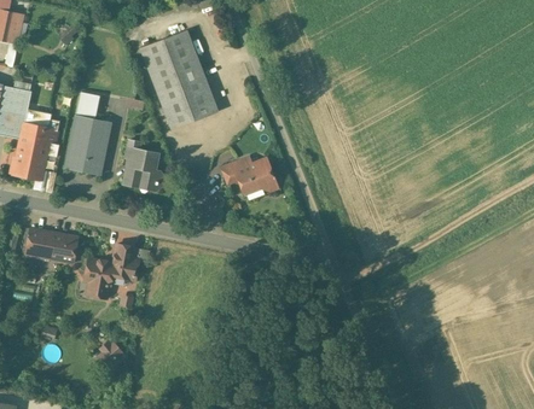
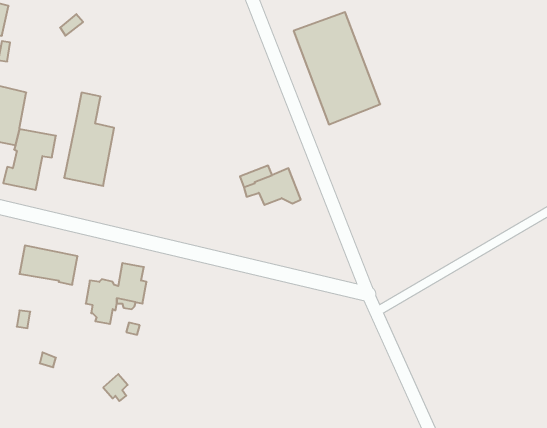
building: [140,30,217,130] -> [294,12,380,124]
building: [123,140,166,187] -> none

